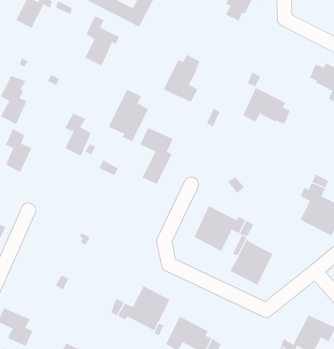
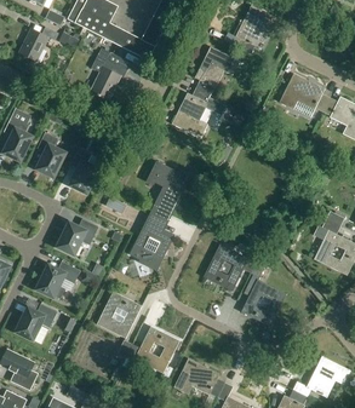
building: none -> [194,46,239,94]
building: [243,87,291,125] -> [279,73,328,111]
building: [108,89,149,142] -> [130,214,172,269]
building: [5,128,32,173] -> [36,131,64,177]
building: none -> [57,218,97,254]
building: none -> [35,260,80,298]
building: none -> [96,291,141,338]
building: none -> [15,303,56,343]

